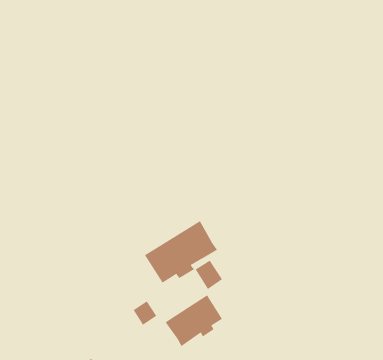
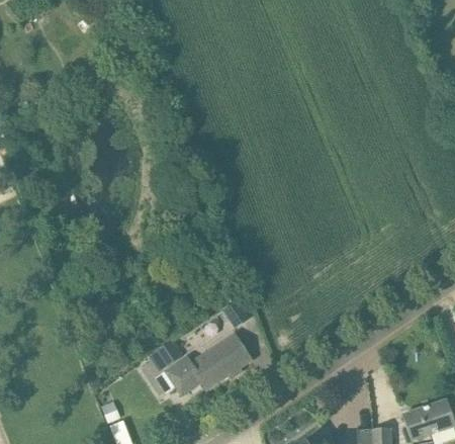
building: [144,220,218,284] -> none
building: none -> [166,354,203,395]

